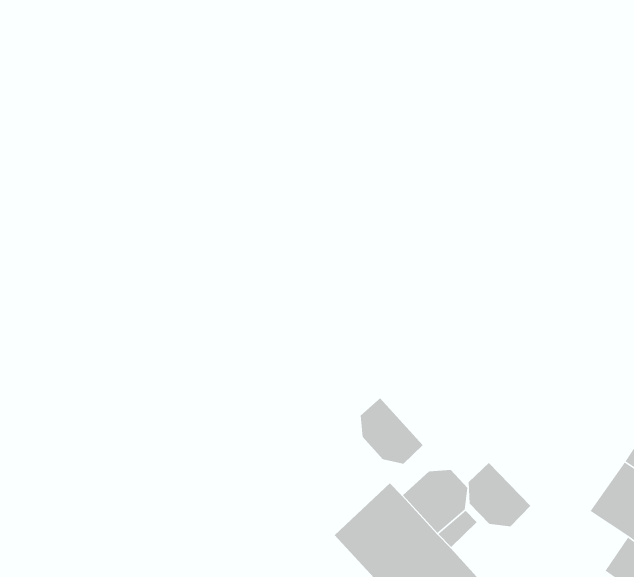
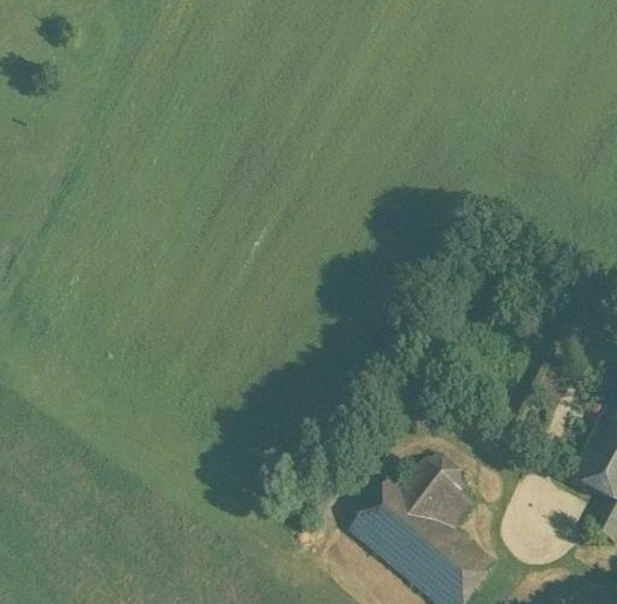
building: [360,397,424,465] -> none
building: [468,462,531,527] -> none

